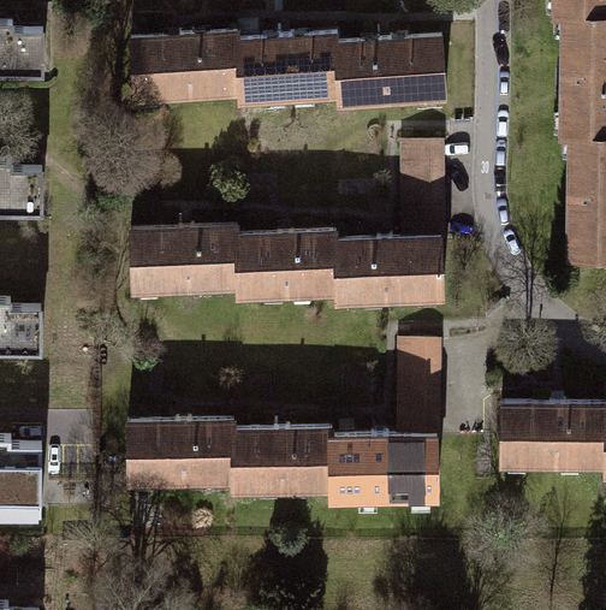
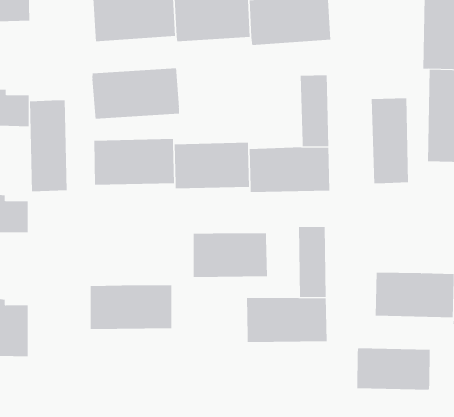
building: none -> [92,68,179,120]
building: none -> [371,97,409,184]
building: none -> [29,99,67,192]
building: [232,431,331,490] -> [193,233,268,277]
building: none -> [357,347,430,391]

